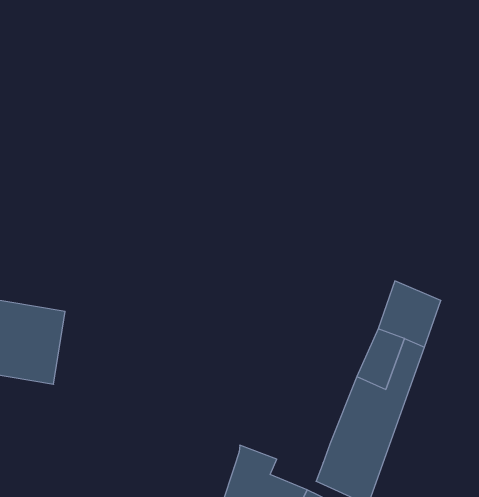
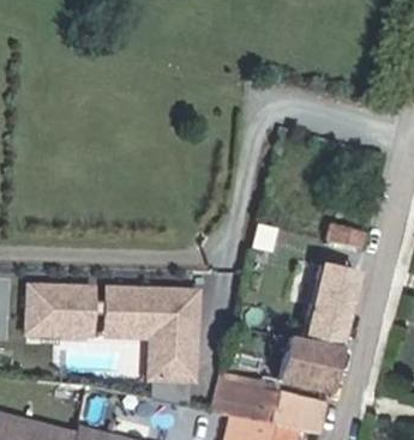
building: none -> [102,285,197,380]

